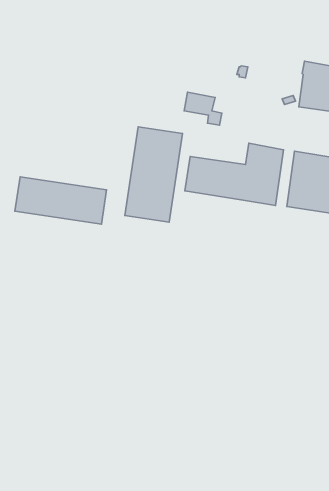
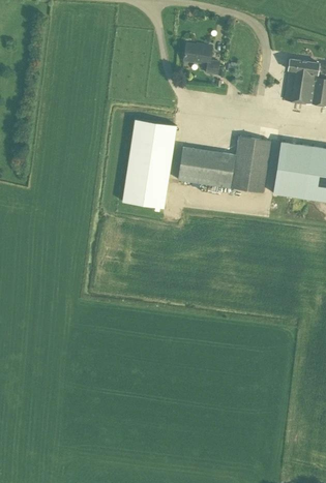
building: [184,92,222,125] -> [184,42,219,73]
building: [15,177,107,224] -> none

